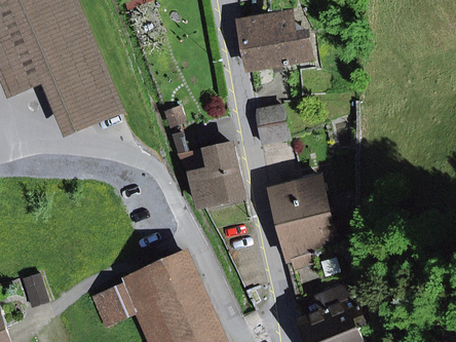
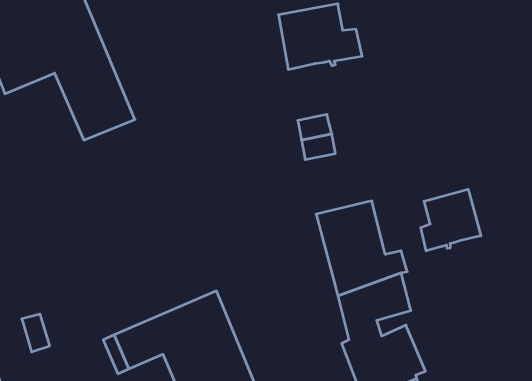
building: [173,134,242,205] -> none
building: none -> [421,189,481,251]

